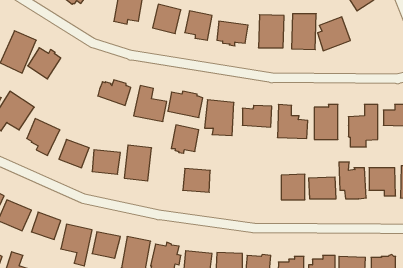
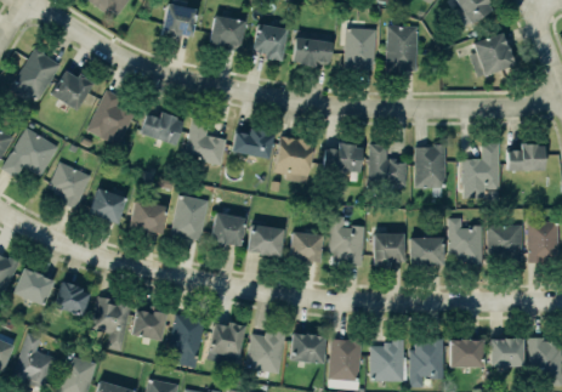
building: [317,17,350,51] -> [471,33,513,76]
building: none -> [89,90,135,146]
building: [171,125,199,153] -> [209,212,244,249]
building: none -> [328,215,363,266]
building: none -> [290,233,322,262]

